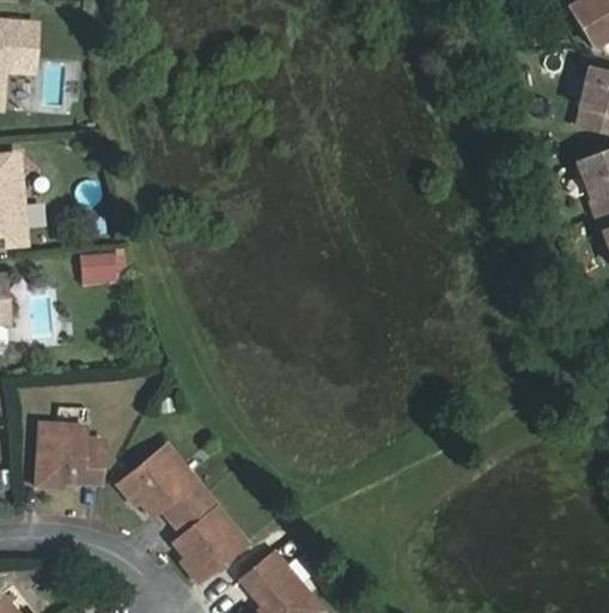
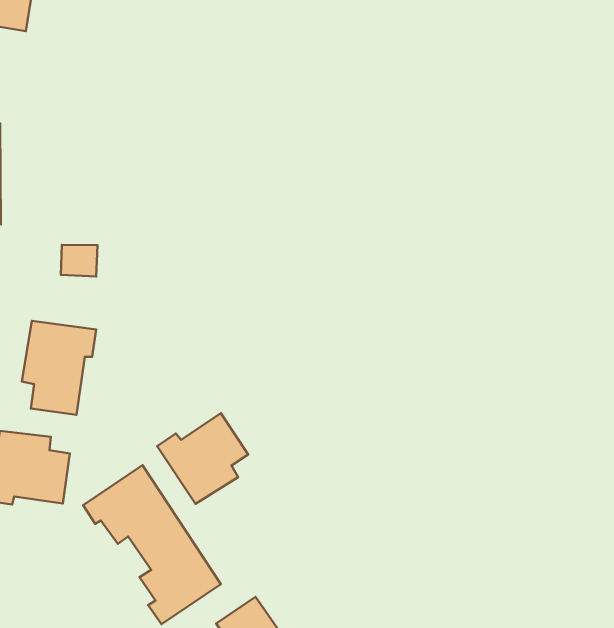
building: none -> [22,321,96,415]
building: none -> [157,413,248,504]

